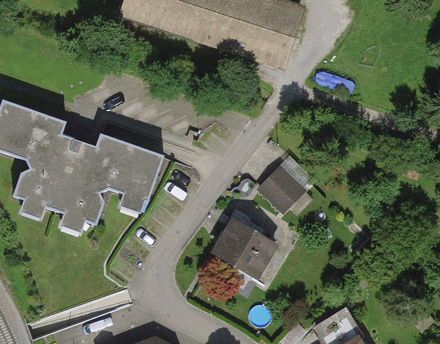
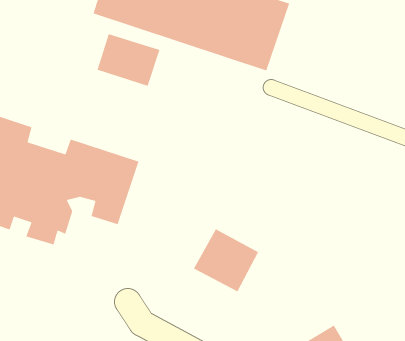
building: none -> [96,33,160,87]
building: [257,167,303,213] -> none

